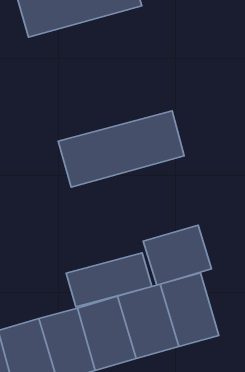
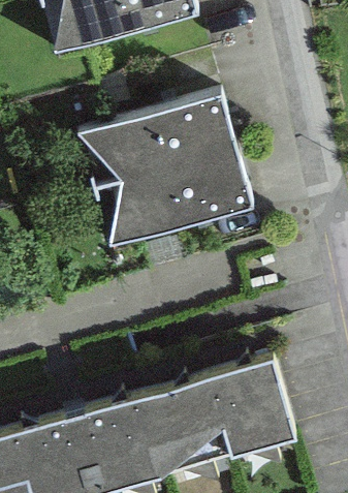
building: none -> [74,93,236,189]
building: [143,225,212,285] -> none
building: [66,253,152,307] -> none

